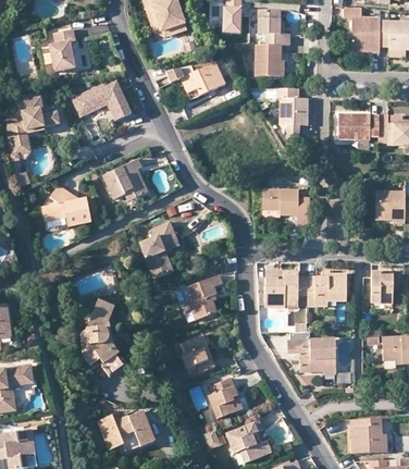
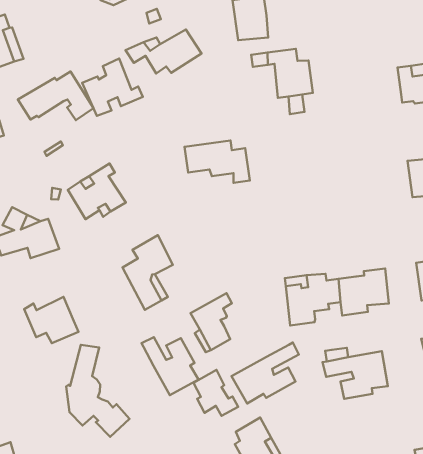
building: none -> [82,59,143,116]
building: [337,114,377,139] -> none
building: [261,188,309,222] -> [184,141,250,183]
building: none -> [24,297,78,343]
building: none -> [141,337,199,395]
building: none -> [232,342,299,403]

